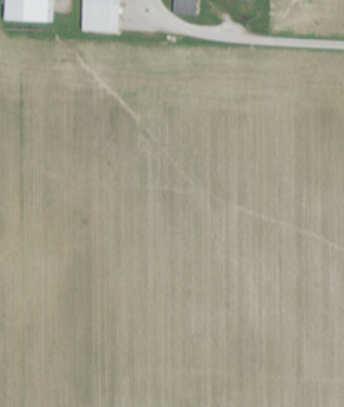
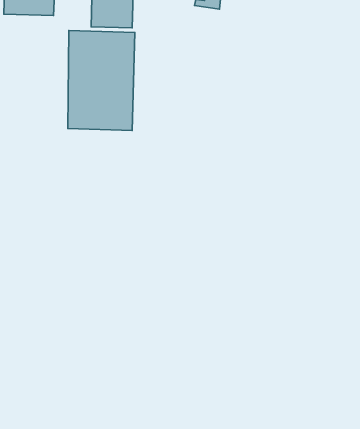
building: none -> [68,30,135,131]

